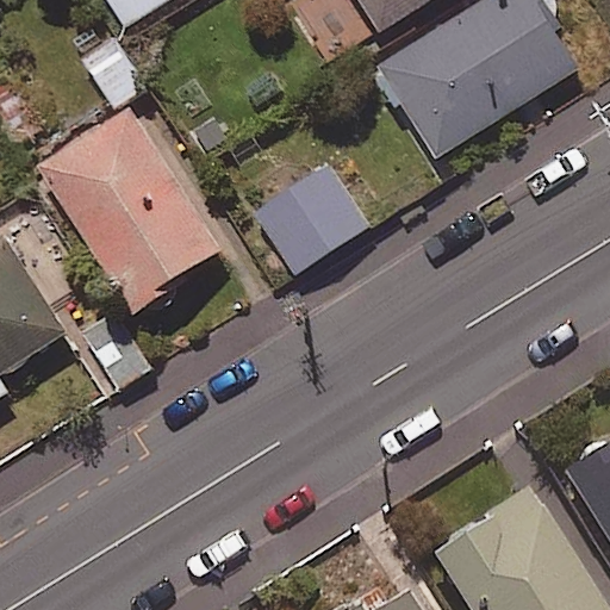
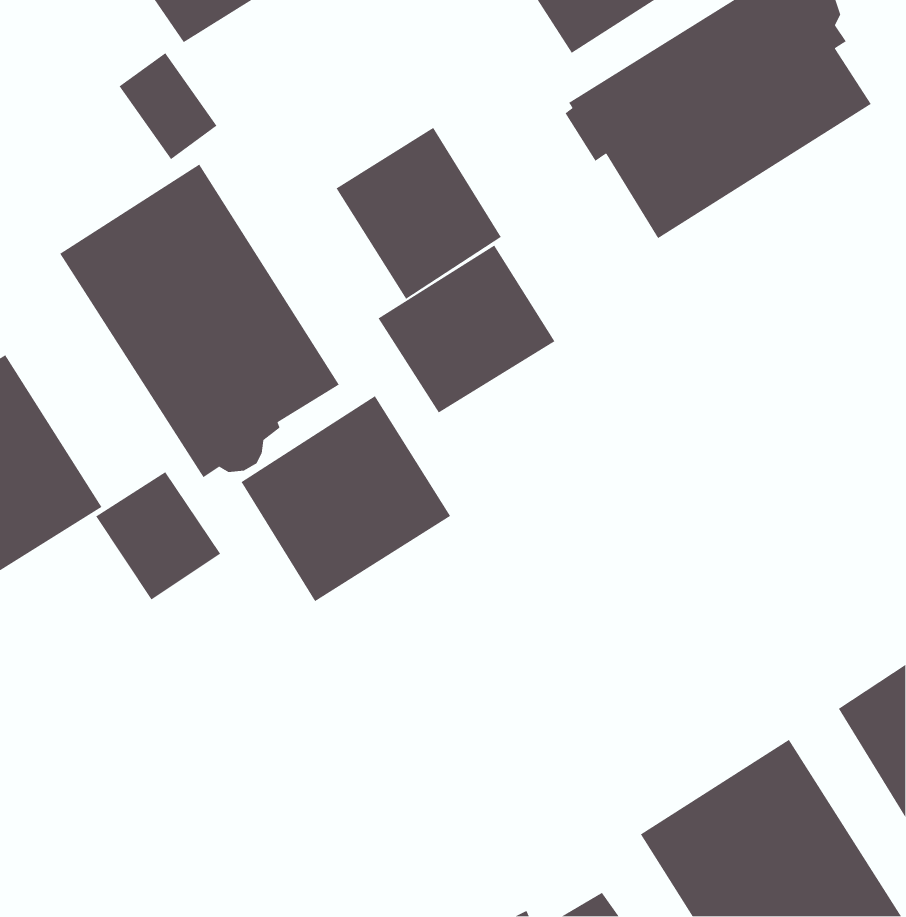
building: none -> [335,127,502,300]
building: none -> [240,395,451,602]

